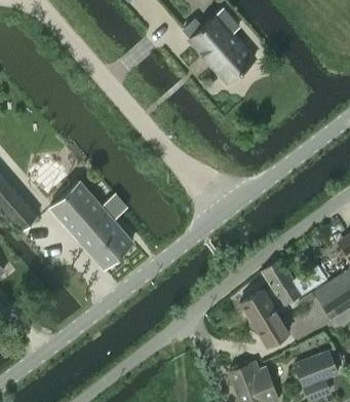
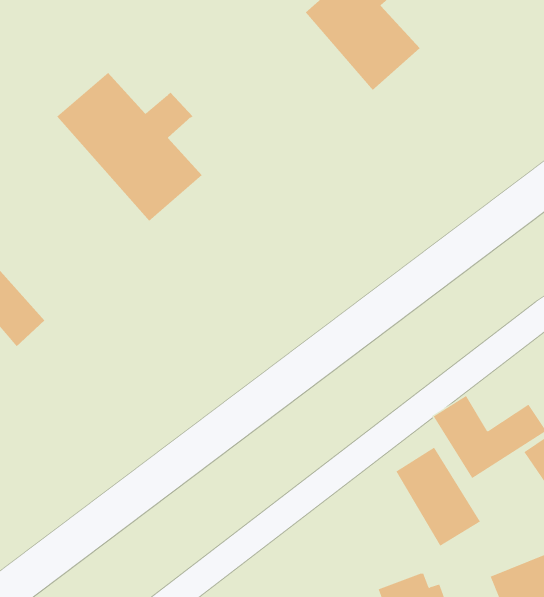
building: [49,182,133,268] -> [57,72,202,222]

